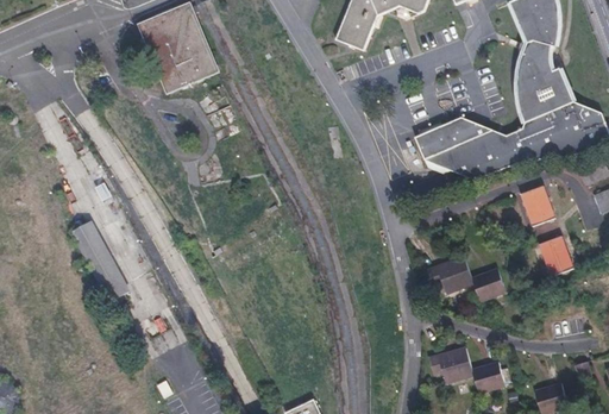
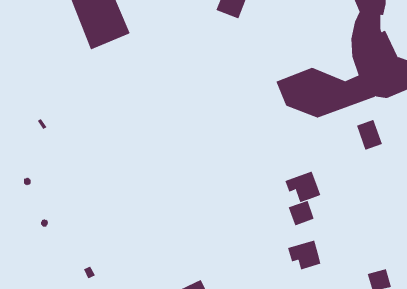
building: [71,220,130,301] -> none
building: [539,234,575,276] -> none
building: [470,266,506,301] -> [288,200,315,226]
building: [471,359,506,395] -> none

